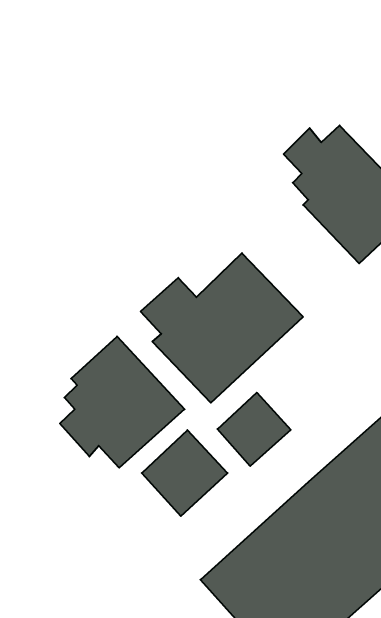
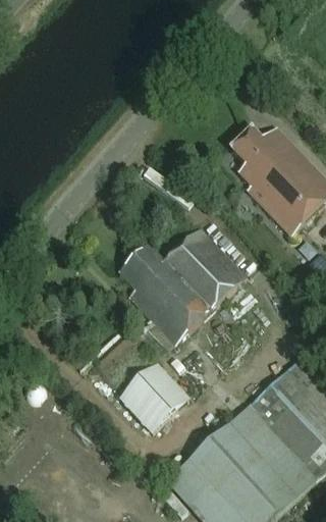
building: [60,336,185,468] -> none
building: [217,393,291,466] -> none

